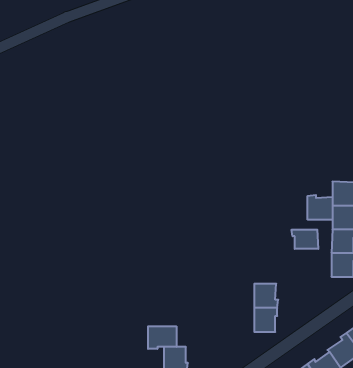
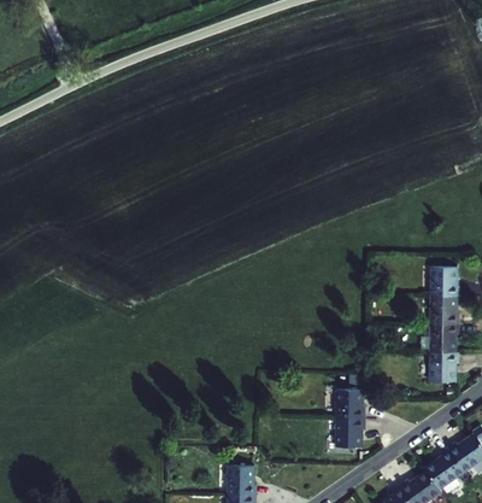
building: [308,195,332,220] -> none
building: [292,230,318,249] -> none
building: [148,326,176,349] -> none

